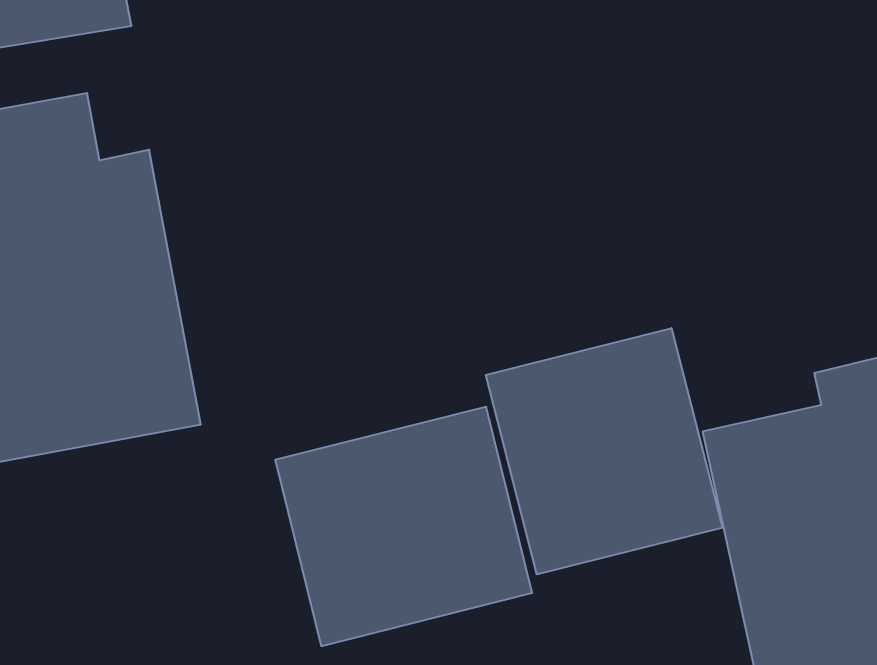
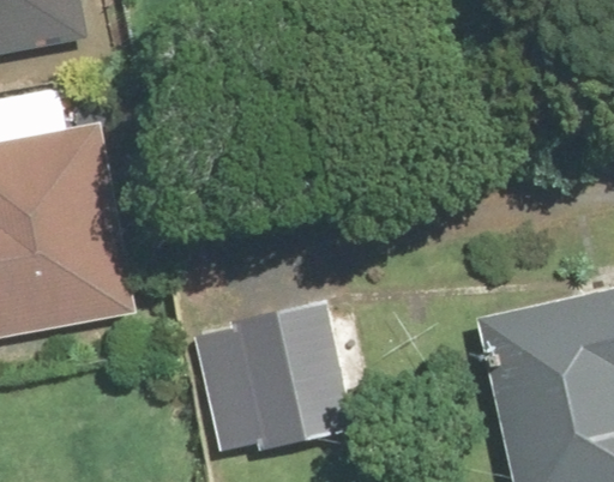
building: [486,328,723,574] -> none

